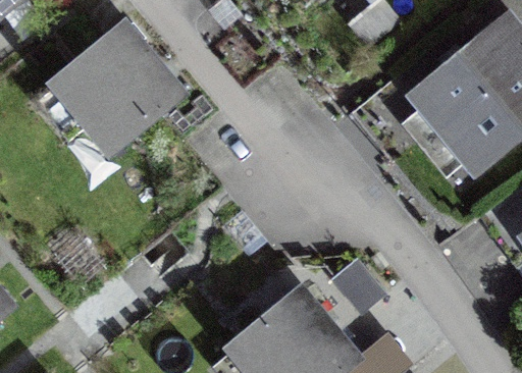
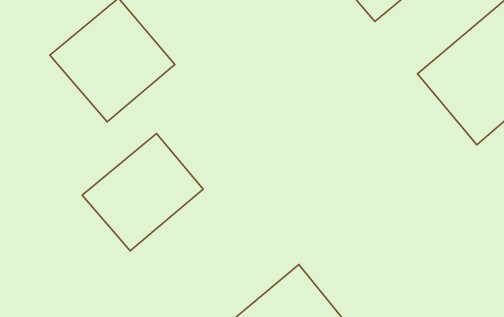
building: none -> [82,133,203,251]

